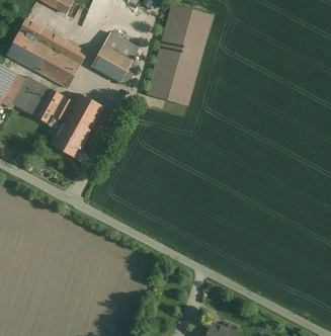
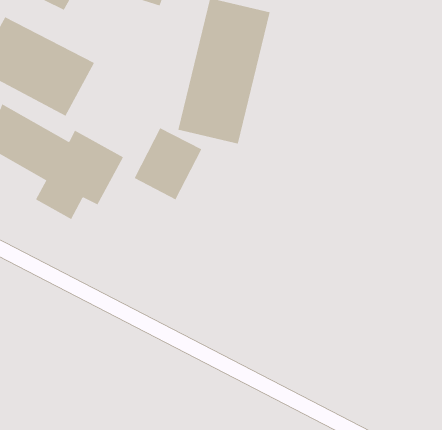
building: [92,30,140,81] -> [134,128,202,200]

